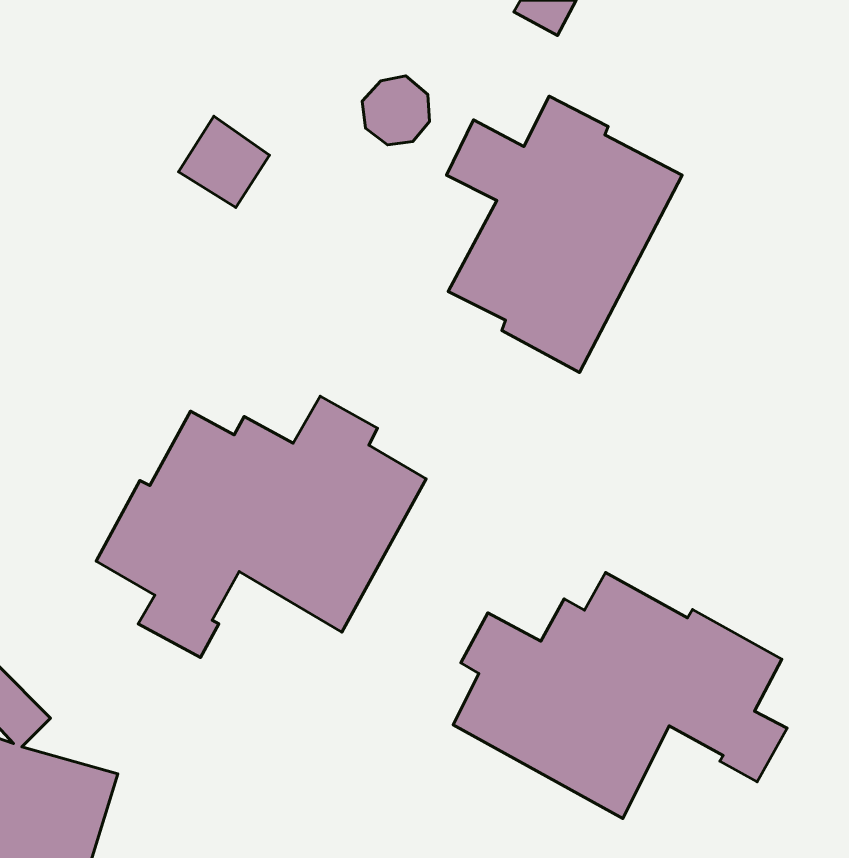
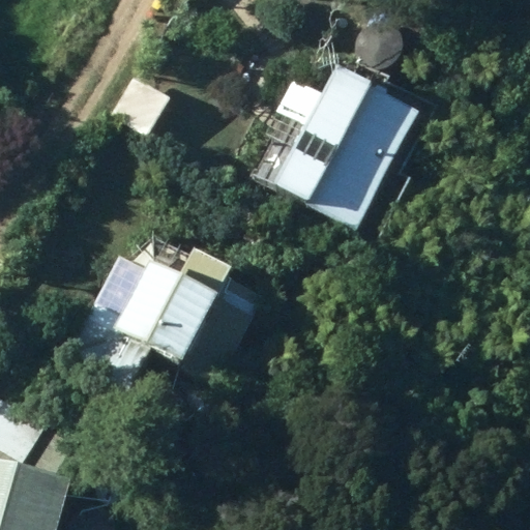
building: [453,573,787,818] -> none

